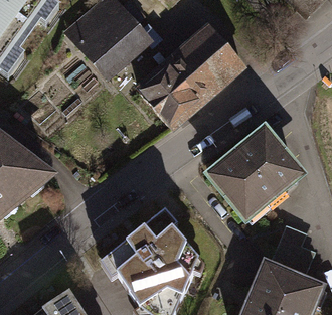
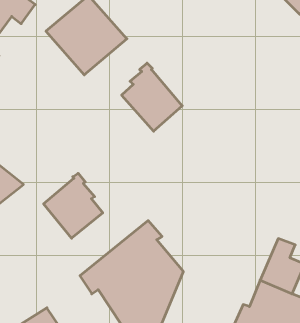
building: [167,28,240,101] -> none
building: [209,129,297,219] -> none
building: none -> [44,173,103,238]

